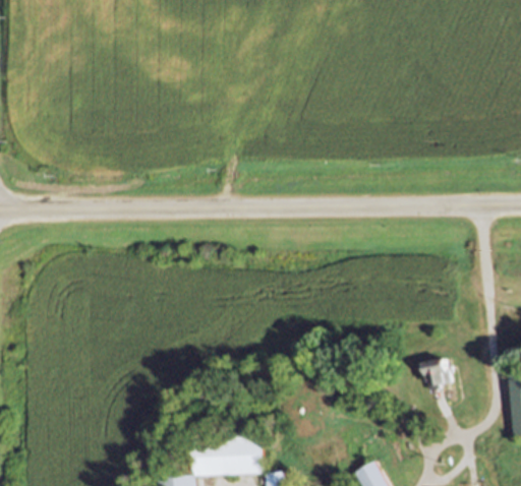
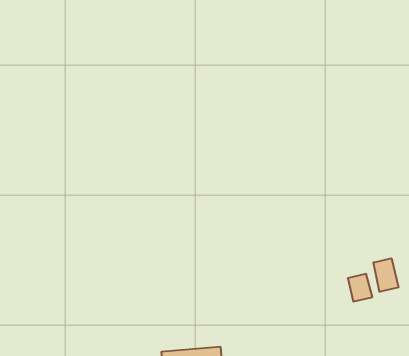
building: none -> [373,258,398,292]

